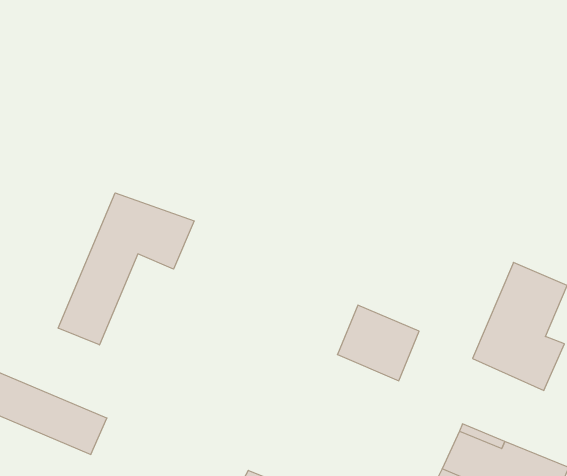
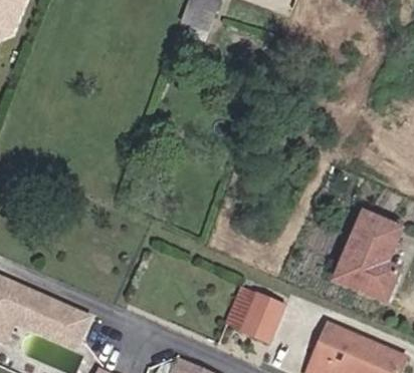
building: [58,193,194,345] -> none
building: [337,305,419,381] -> [226,287,282,339]

